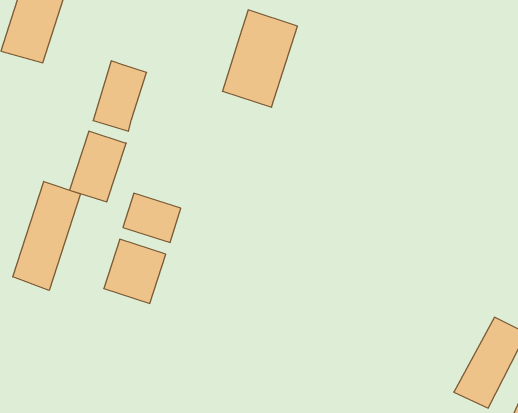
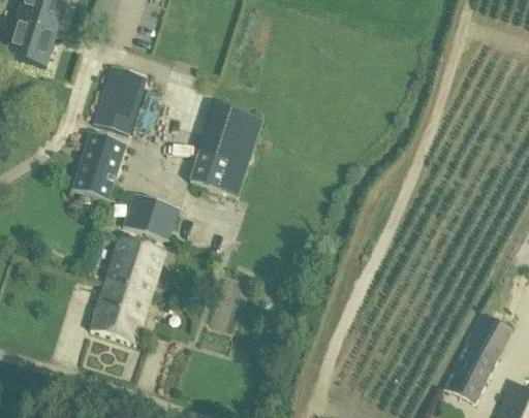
building: [222,10,297,107] -> [191,101,263,195]
building: [13,181,81,290] -> none
building: none -> [91,284,150,343]

